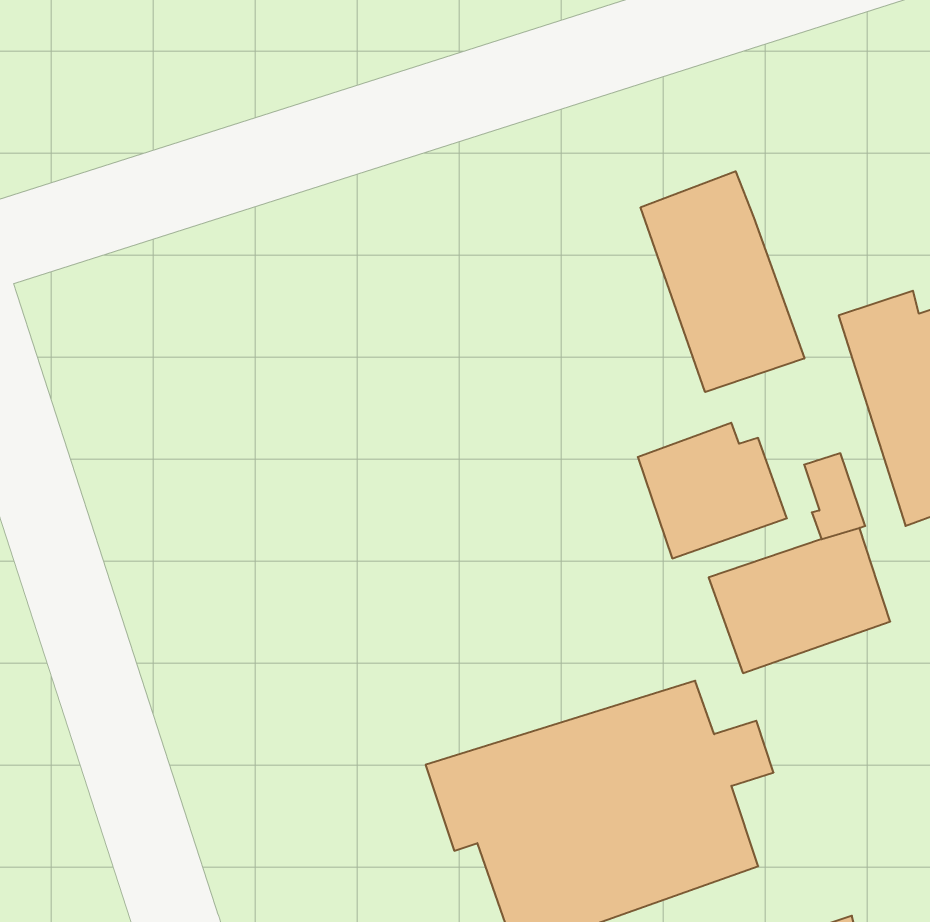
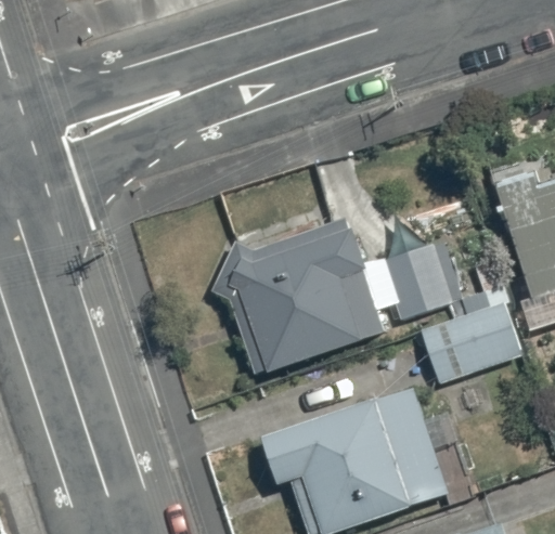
building: [641,171,804,392] -> none
building: none -> [211,217,387,377]

